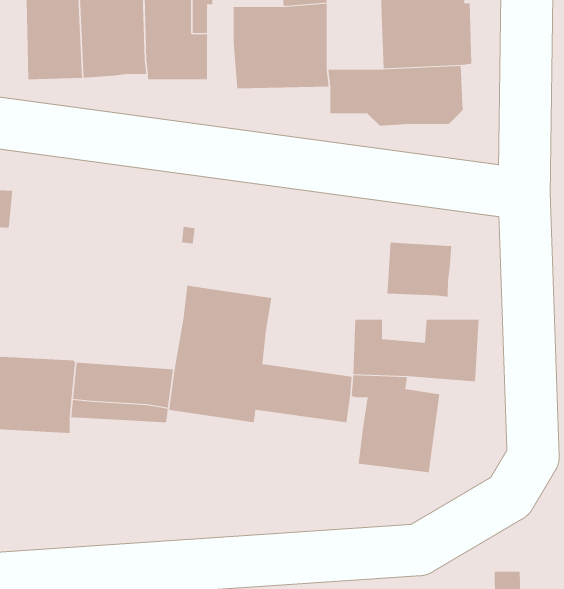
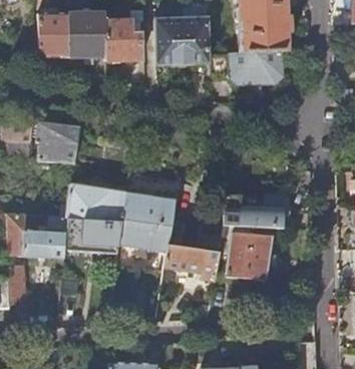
building: none -> [37,122,80,162]
building: [387,242,452,298] -> none
building: none -> [66,183,127,222]
building: none -> [165,245,220,282]

